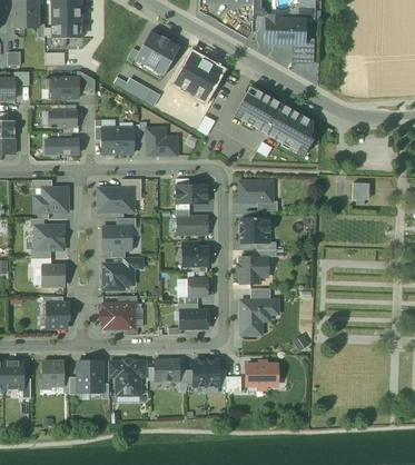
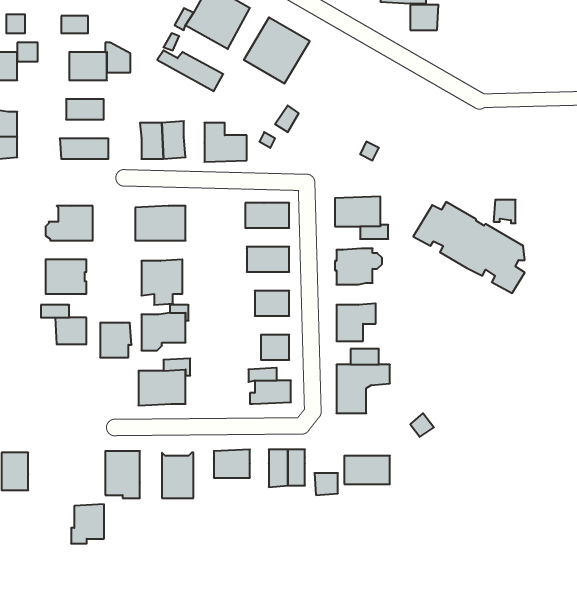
building: [234,90,313,155] -> [413,202,525,293]
building: [47,303,69,327] -> [100,323,132,357]
building: [40,360,63,388] -> [71,504,104,544]

